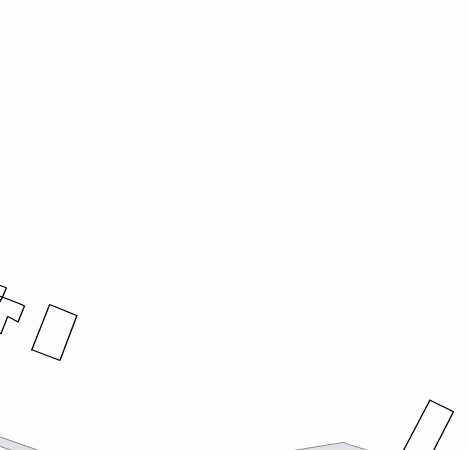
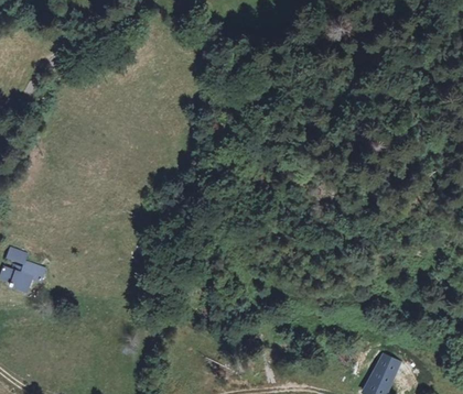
building: [32,305,77,360] -> none

